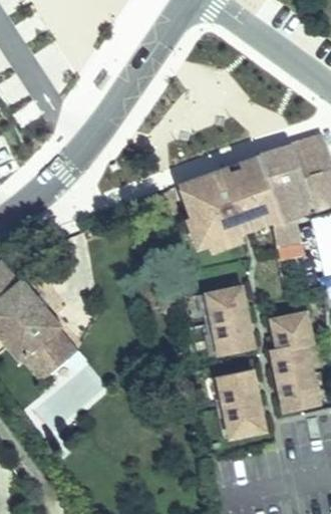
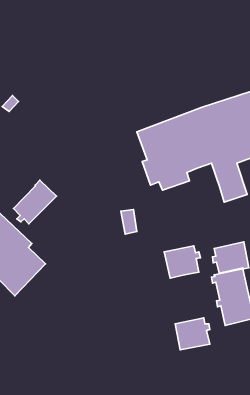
building: none -> [13,180,57,224]
building: [209,287,253,325] -> none
building: [221,372,265,411] -> none

